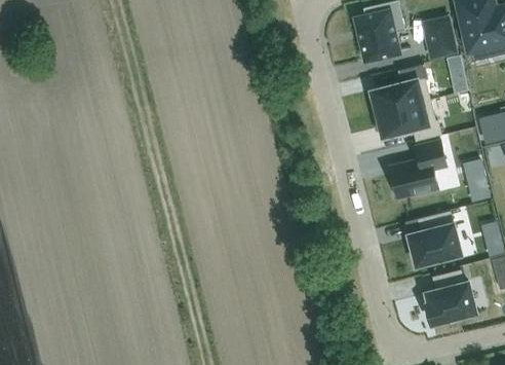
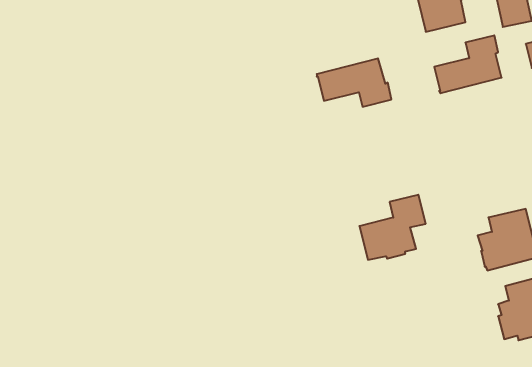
building: [377,101,440,142] -> [317,58,391,107]
building: [389,142,445,197] -> [359,195,426,260]

